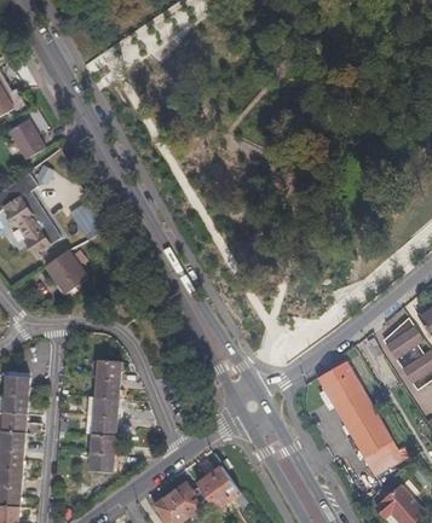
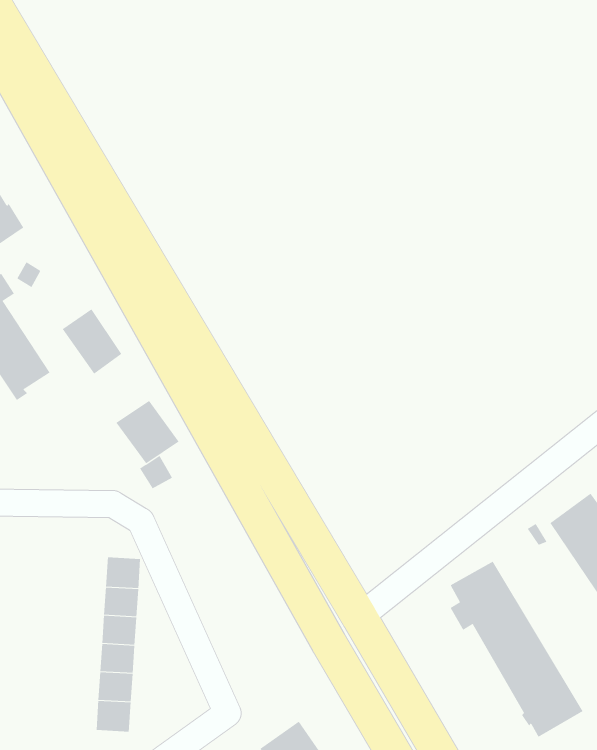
building: [47,254,88,295] -> [116,400,180,464]

